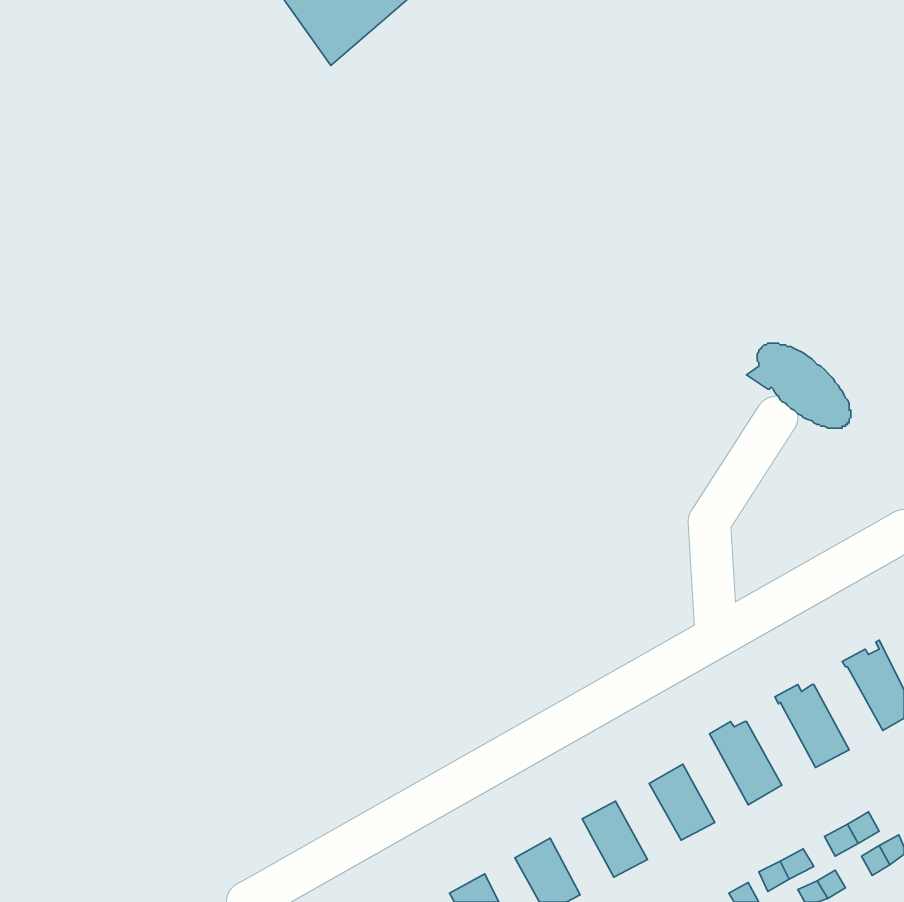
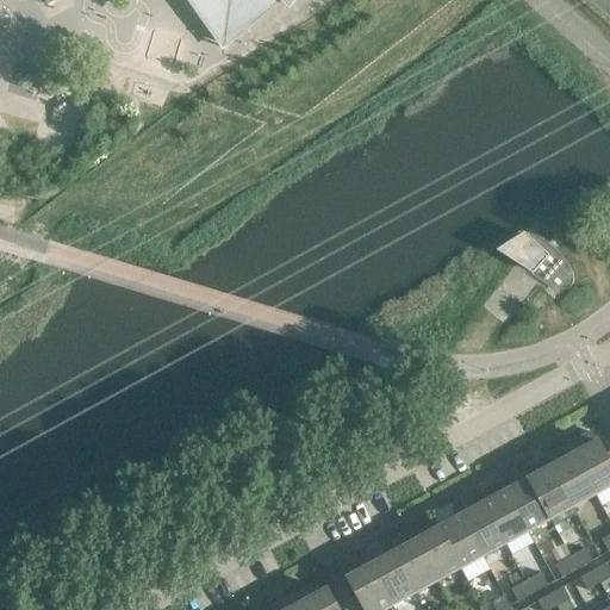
building: none -> [544,449,595,505]
building: none -> [500,473,549,529]
building: none -> [460,503,504,554]
building: none -> [415,528,459,579]
building: none -> [371,552,413,603]

